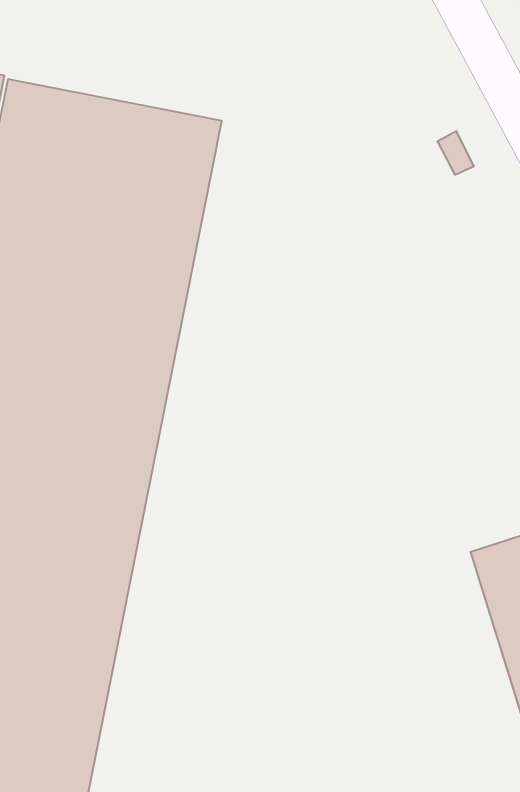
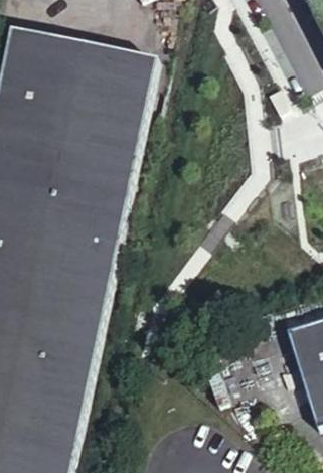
building: none -> [21,30,150,80]

